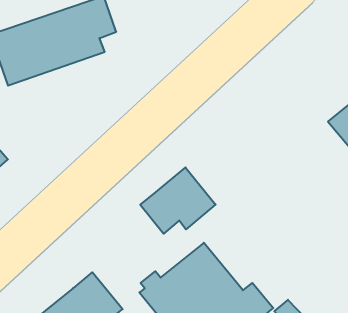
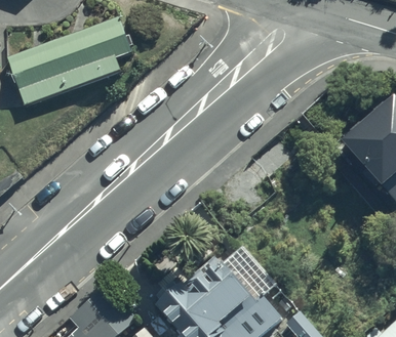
building: [140,167,216,234] -> none

